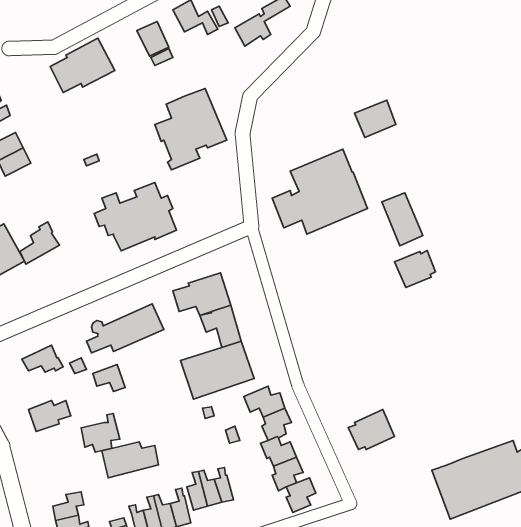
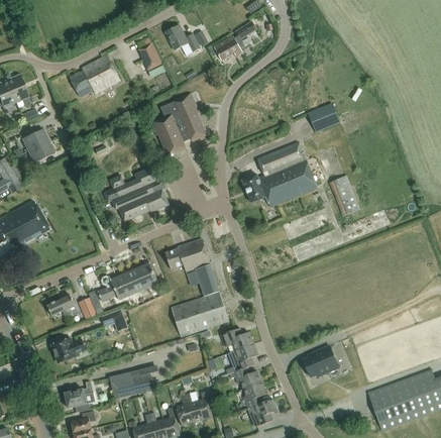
building: [20,222,60,264] -> none
building: [395,250,436,288] -> none
building: [81,414,120,452] -> [65,381,95,412]

